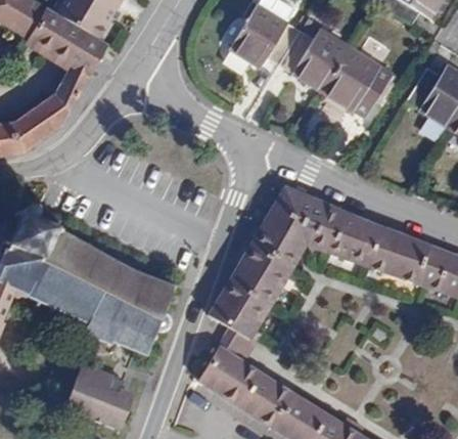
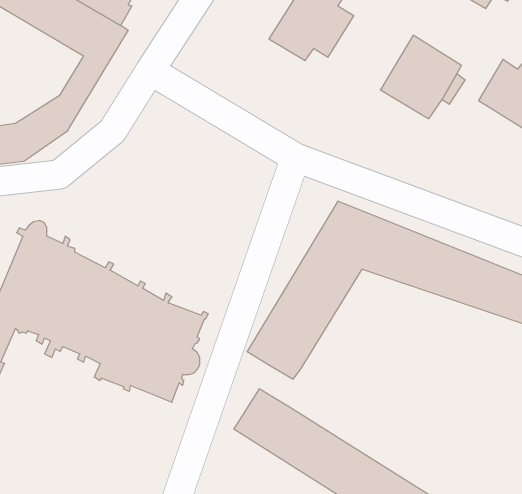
building: [278,29,350,93] -> none
building: [217,325,262,361] -> none
building: [65,364,134,430] -> none

